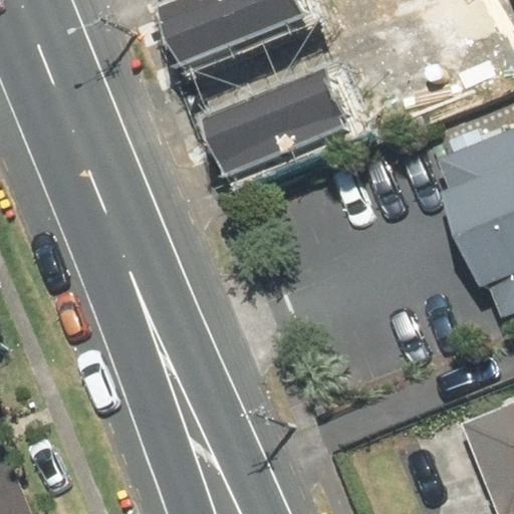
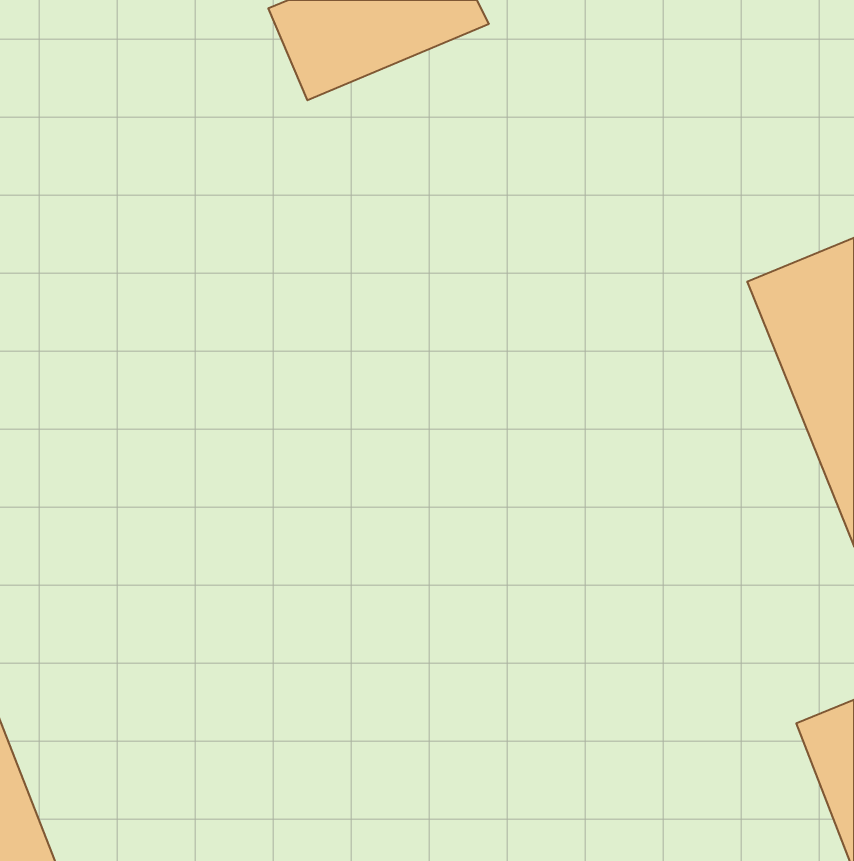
building: [203,73,333,173] -> none

